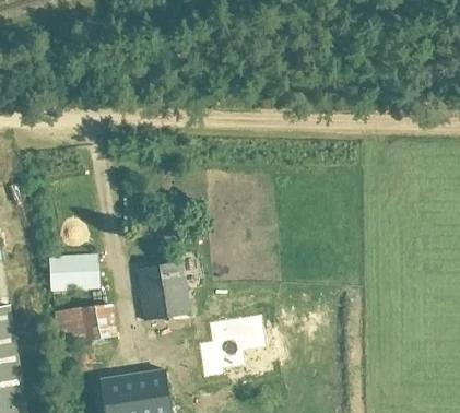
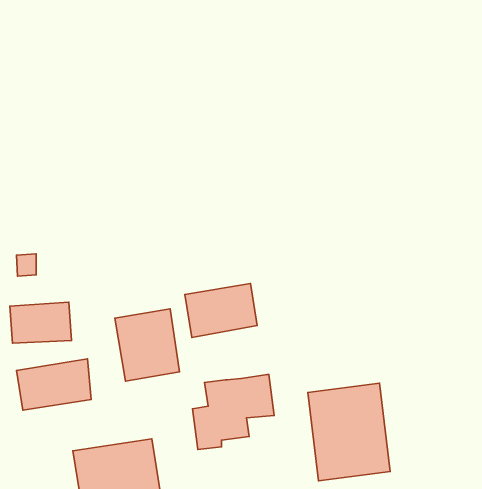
building: none -> [185,284,257,338]
building: none -> [308,383,390,481]

